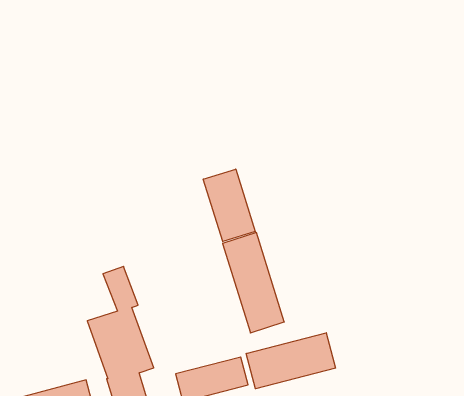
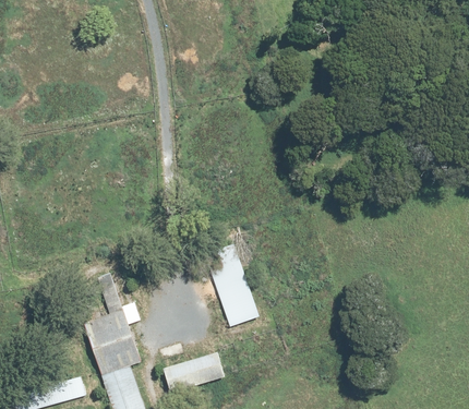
building: [203,169,255,242] -> none
building: [246,333,335,389] -> none

